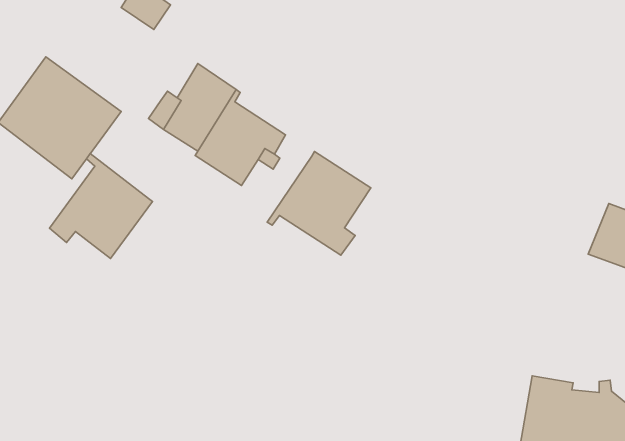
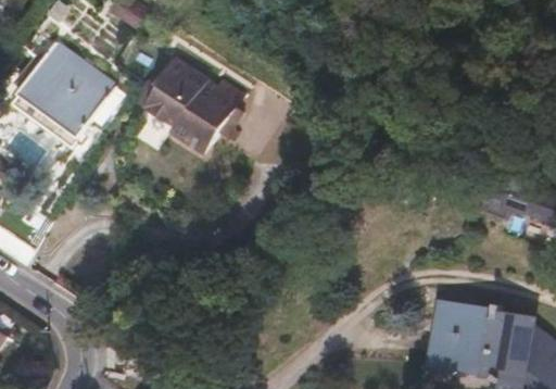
building: [267,151,371,255] -> none
building: [49,154,152,258] -> none

